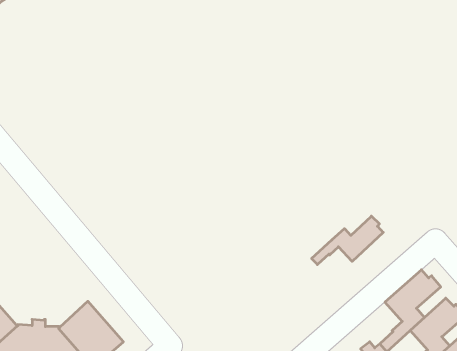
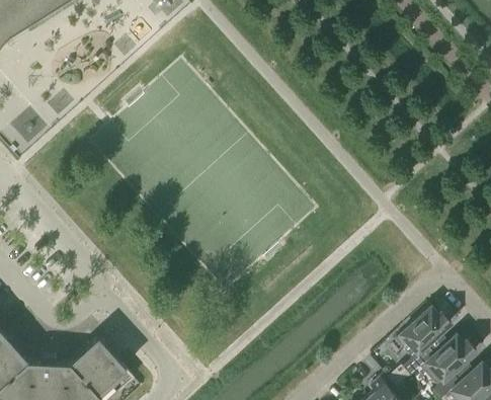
building: [312,216,383,265] -> none

